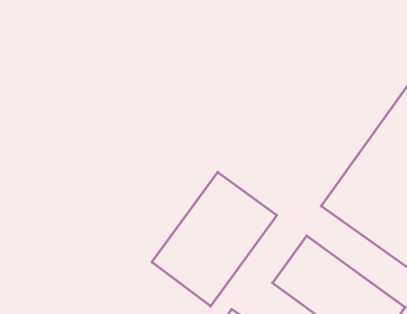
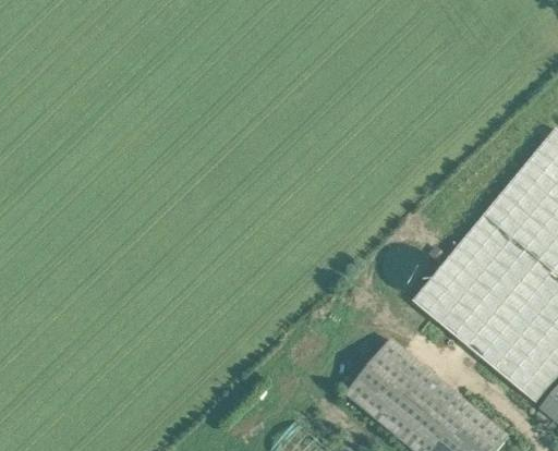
building: [152,172,277,306] -> none

